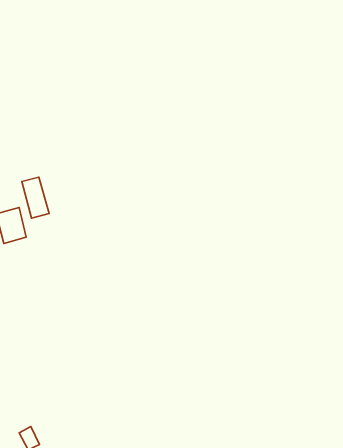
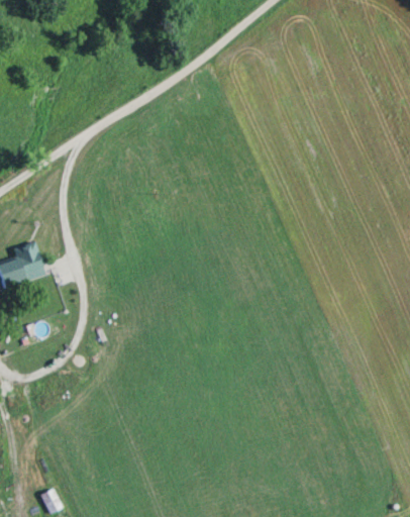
building: [22,177,49,218] -> none

